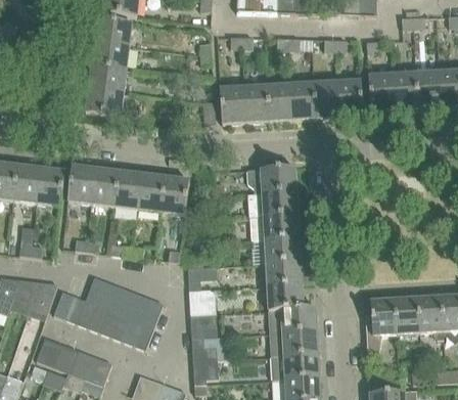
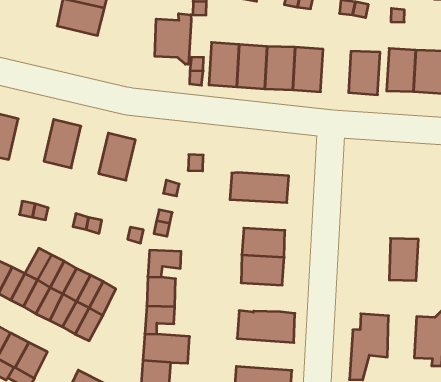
building: none -> [155,14,191,64]
building: [313,81,338,118] -> none
building: [85,88,123,116] -> none
building: [66,165,94,203] -> none
building: [246,166,296,193] -> none
building: [113,170,141,208] -> none
building: [161,176,189,214] -> none
building: [249,214,299,240] -> none
building: [267,283,303,309] -> none
building: [394,297,419,334] -> [389,238,418,281]
building: [269,330,318,356] -> none

